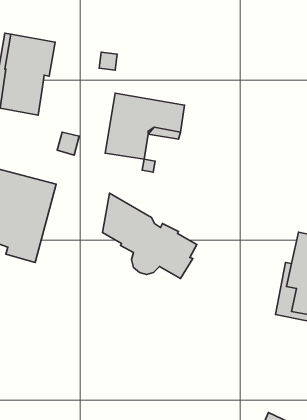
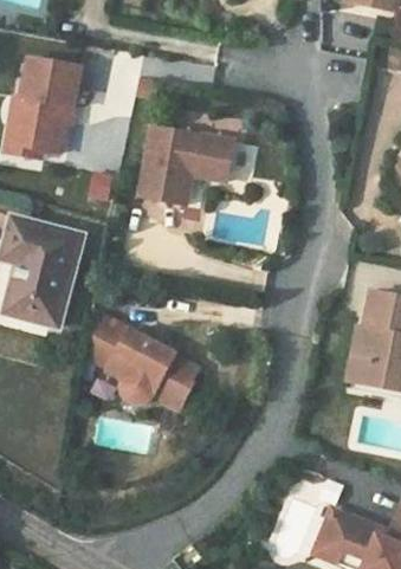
building: [102,193,197,278] -> [85,309,196,409]

